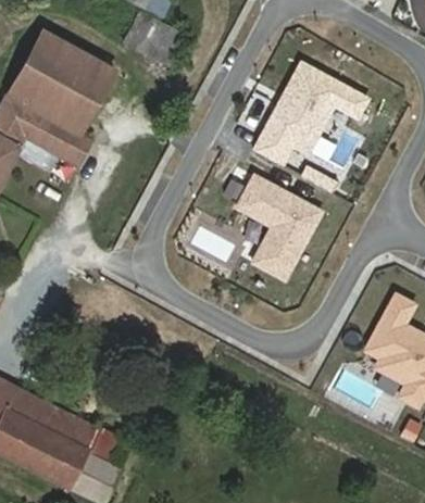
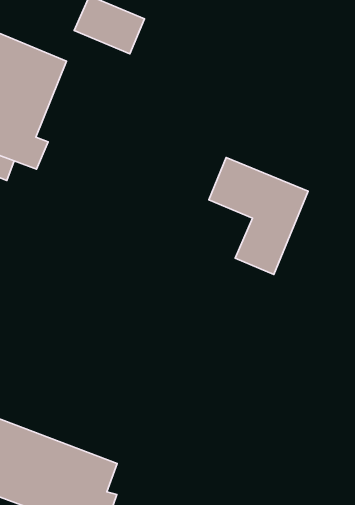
building: [254,65,367,164] -> none

